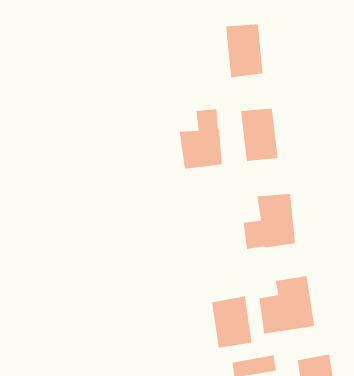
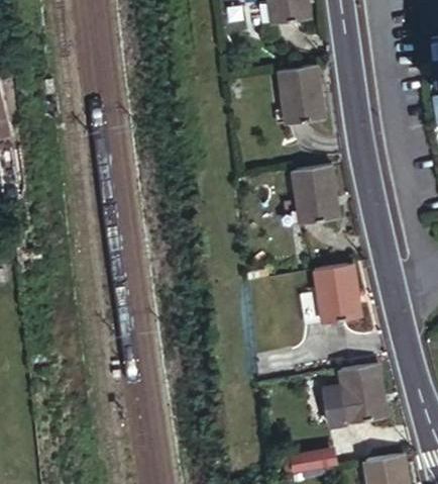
building: [179,109,223,169] -> none
building: [211,296,253,349] -> none

